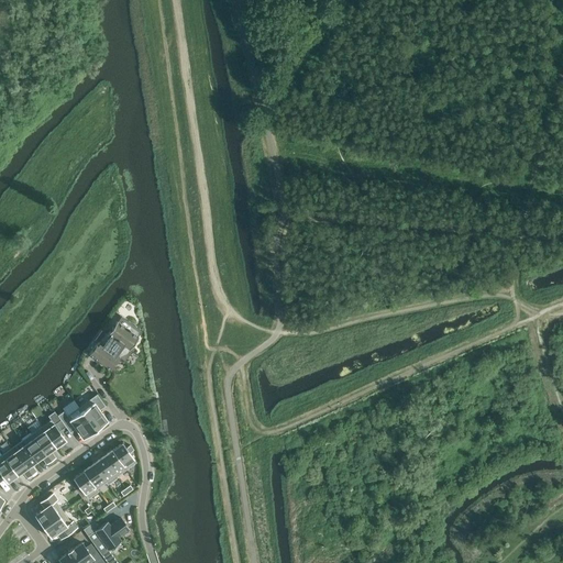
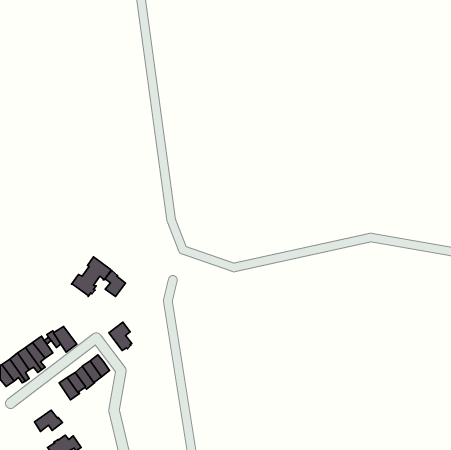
building: none -> [105,270,125,296]
building: [79,395,108,430] -> [109,322,132,351]
building: [35,494,64,527] -> none
building: [82,519,129,551] -> none

